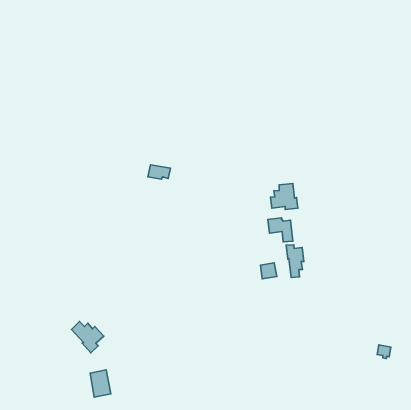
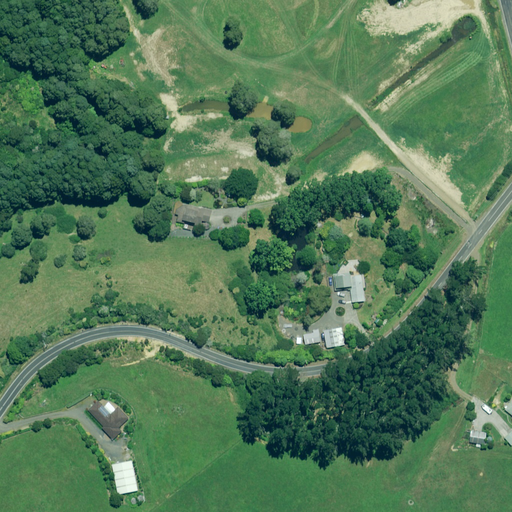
building: [271,184,298,209] -> none
building: [286,245,304,277] -> none

